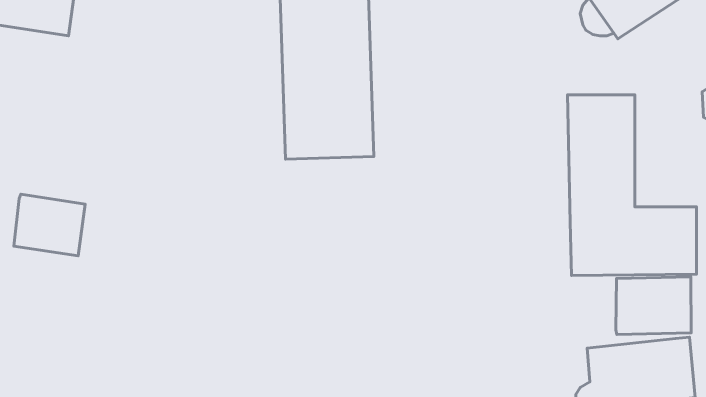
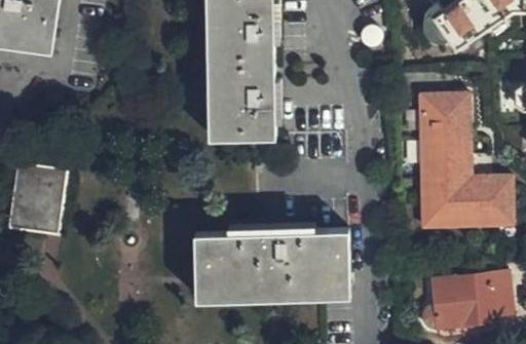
building: none -> [8,204,59,236]
building: [616,277,691,334] -> none
building: none -> [194,229,349,301]

